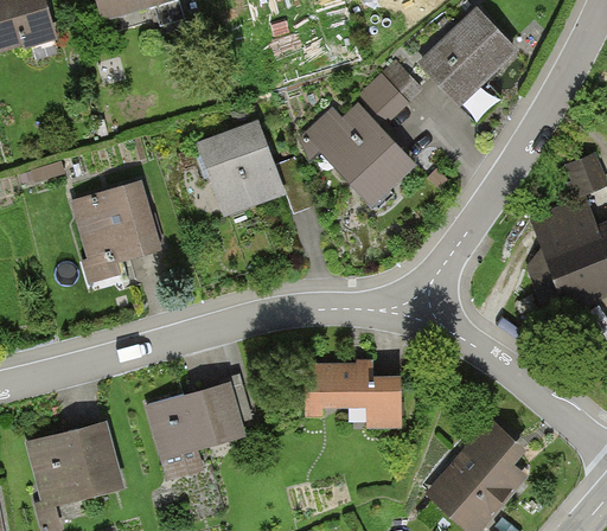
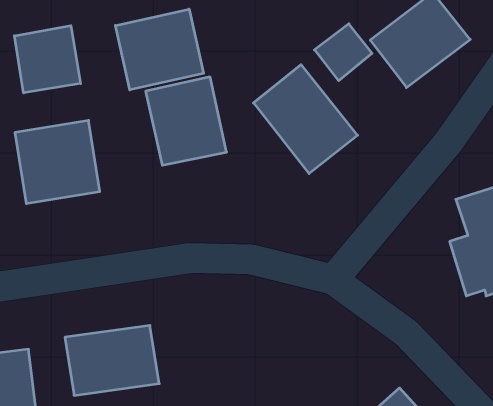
building: none -> [115,9,204,90]
building: none -> [14,26,81,93]
building: [304,363,405,429] -> none

